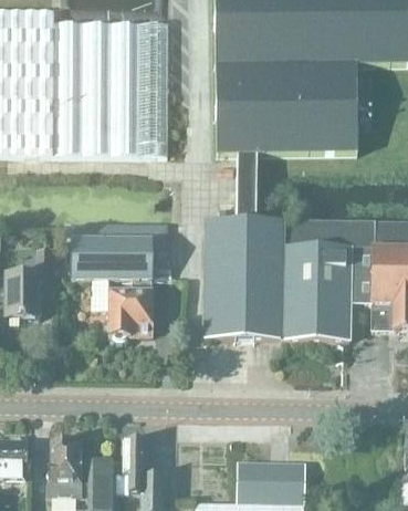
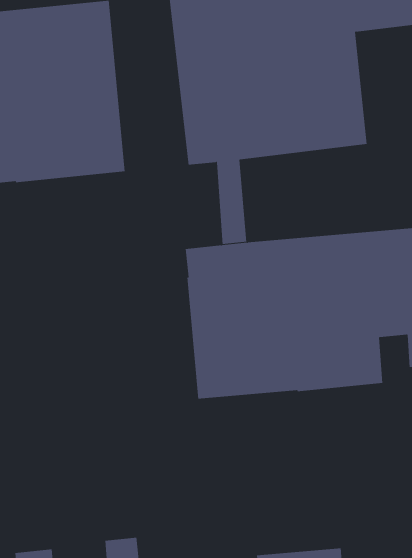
building: [71,222,167,340] -> none

